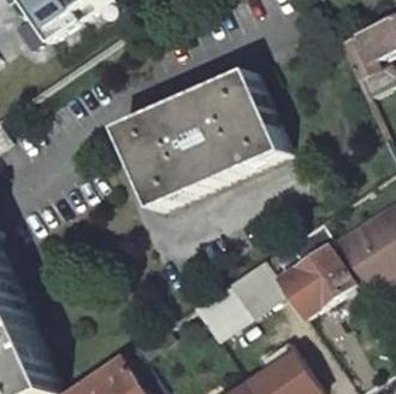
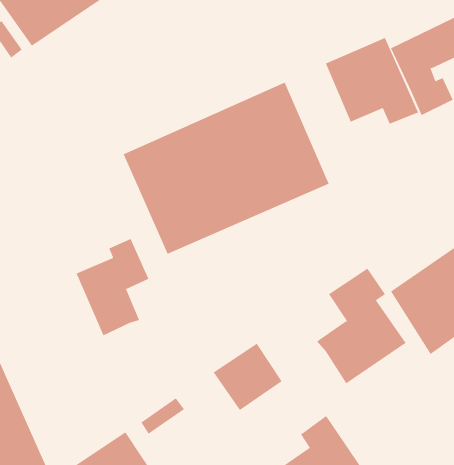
building: none -> [325,37,419,125]
building: none -> [76,238,149,336]
building: [226,261,282,316] -> none

